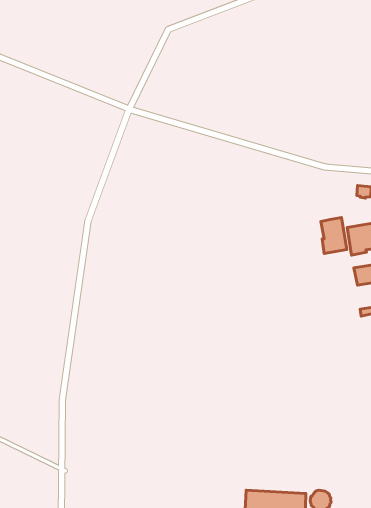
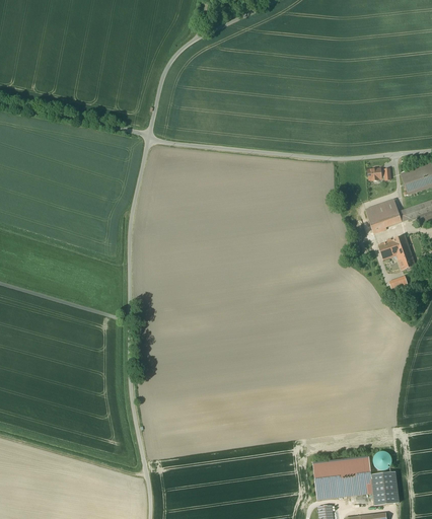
building: [321,218,347,253] -> none

